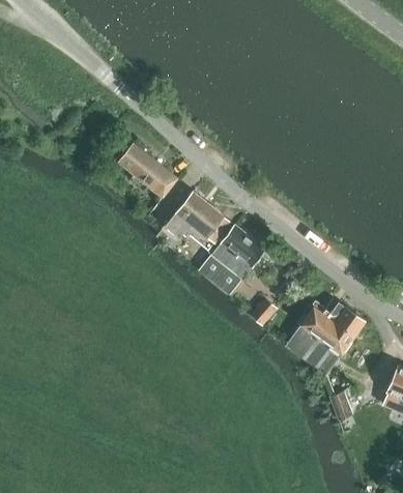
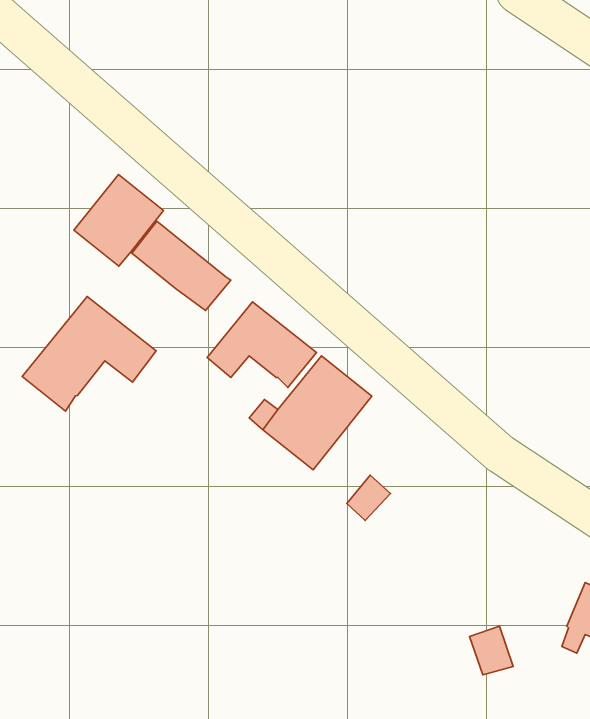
building: none -> [74,175,163,266]
building: none -> [22,296,156,411]
building: [285,303,365,376] -> none

